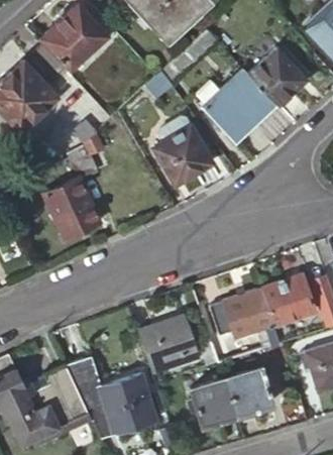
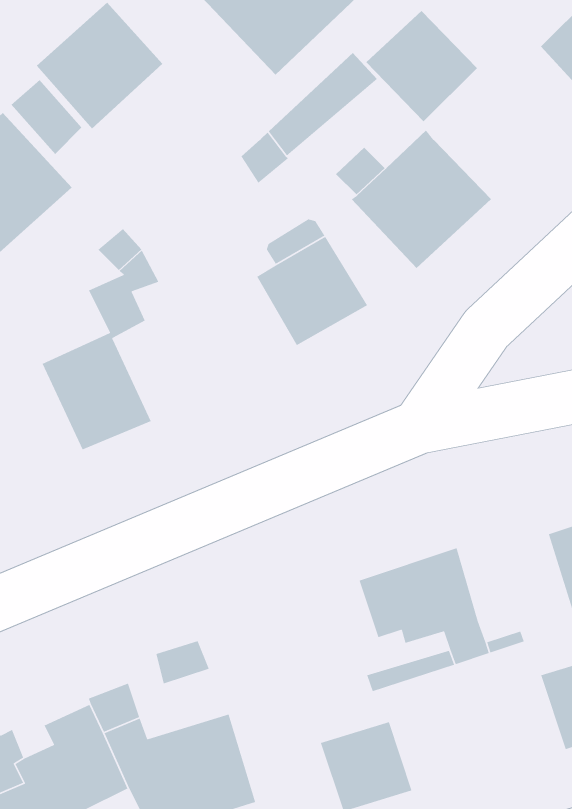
building: [248,47,307,106] -> [366,10,478,122]
building: [260,274,313,326] -> none
building: [140,316,197,370] -> none
building: [225,367,272,415] -> none

